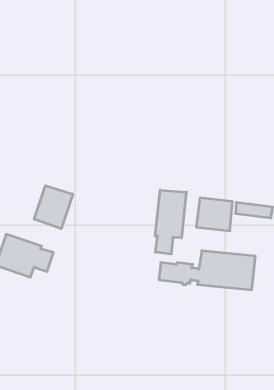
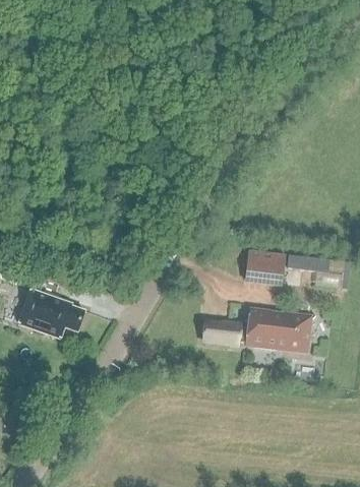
building: [34,186,73,229] -> none
building: [155,190,186,254] -> none

